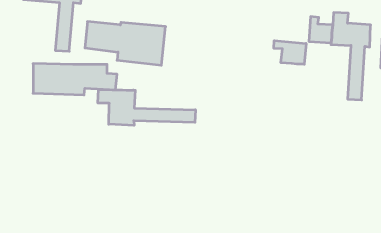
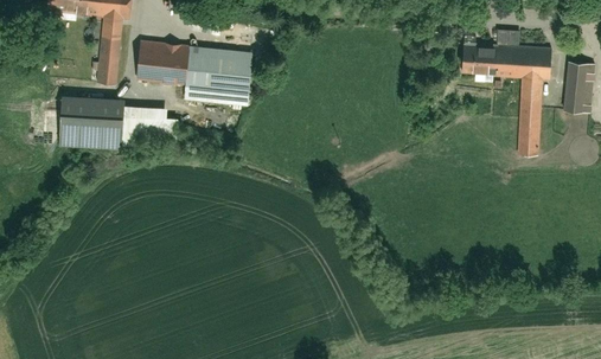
building: [274,41,306,64] -> none
building: [98,90,195,125] -> none

